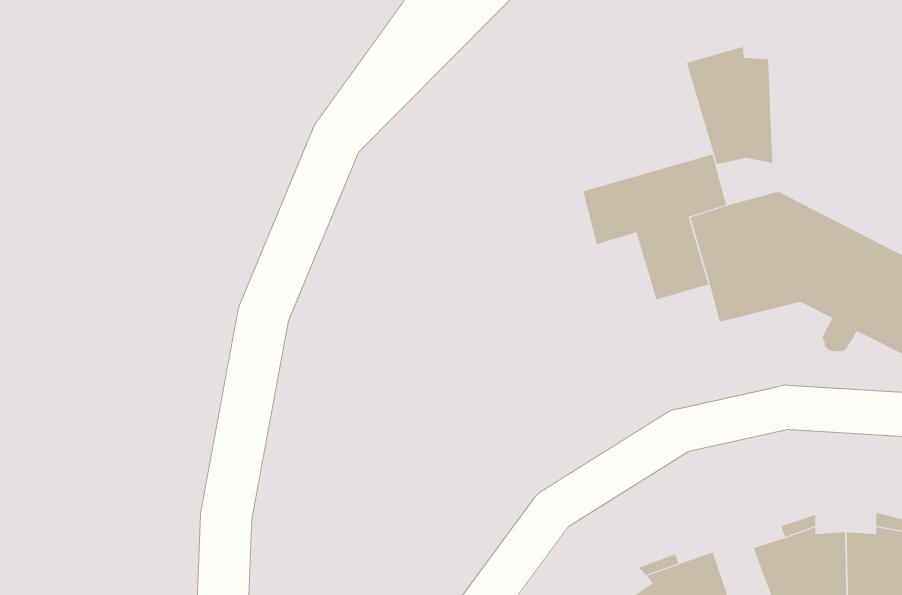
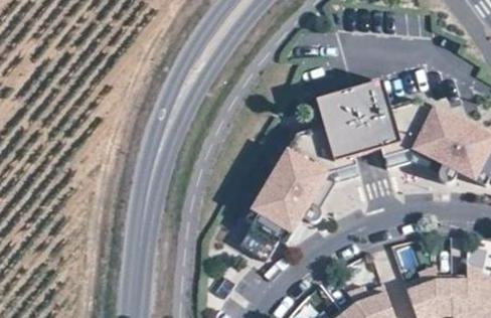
building: [686,46,773,165] -> none
building: none -> [242,121,360,260]

